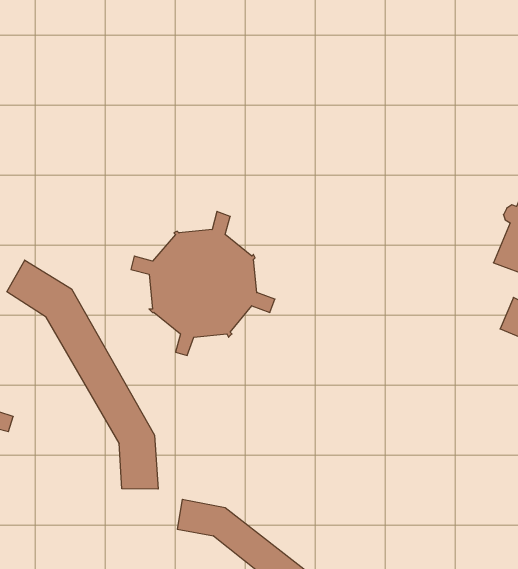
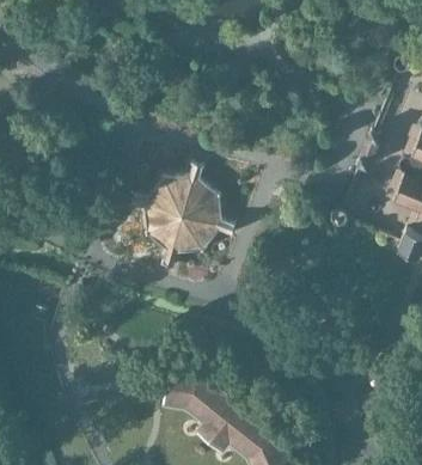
building: [7,260,158,489] -> none

